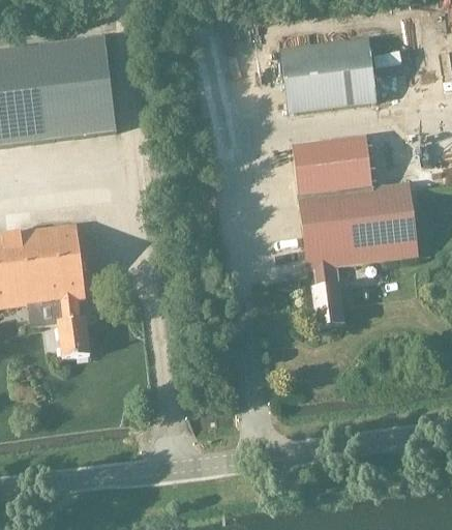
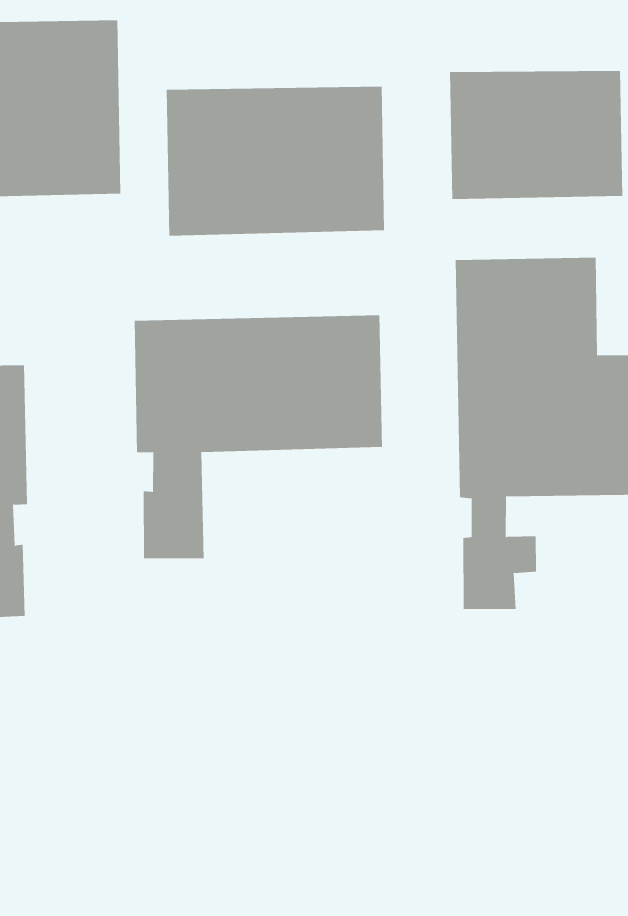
building: none -> [166,86,384,237]
building: none -> [134,314,382,559]

